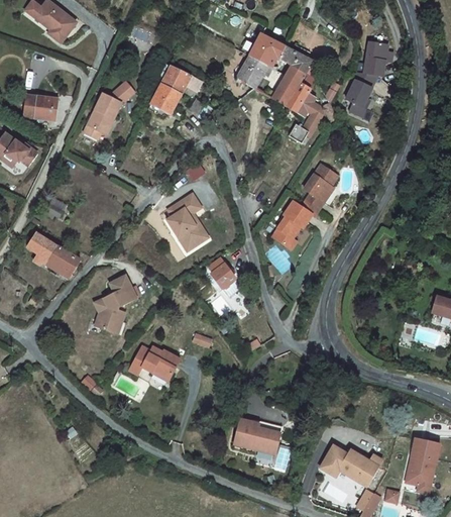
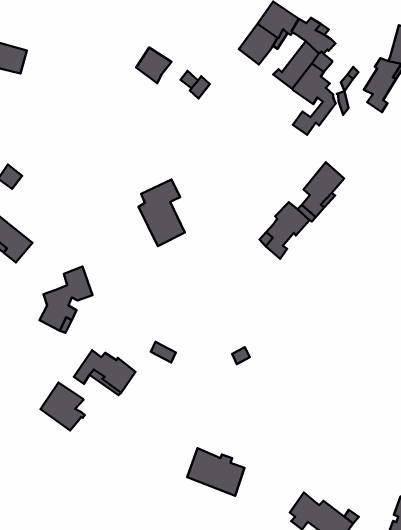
building: [155,64,201,94] -> none
building: [84,81,134,137] -> none
building: [210,257,234,288] -> none
building: none -> [40,382,85,431]

